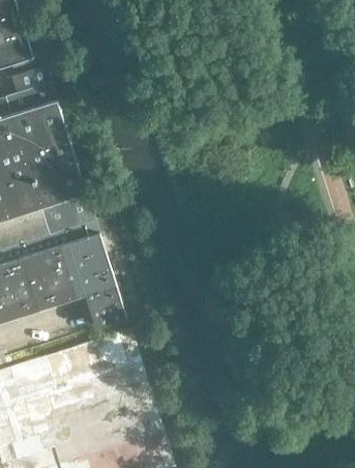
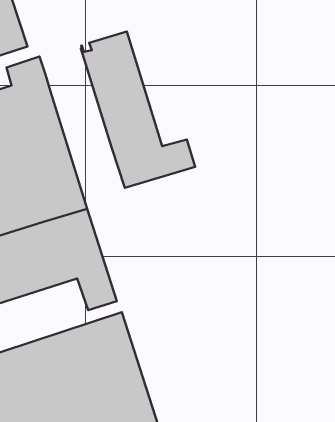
building: none -> [81,31,195,188]

